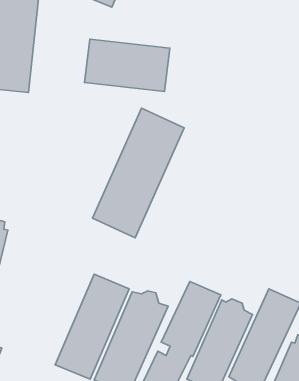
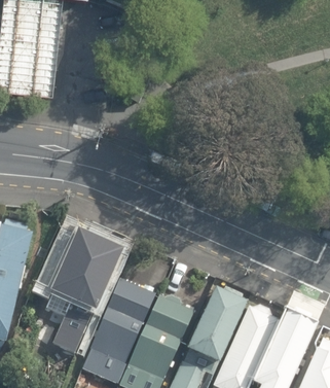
building: [84,39,170,92] -> none
building: [93,108,184,238] -> none
building: none -> [46,227,124,355]

